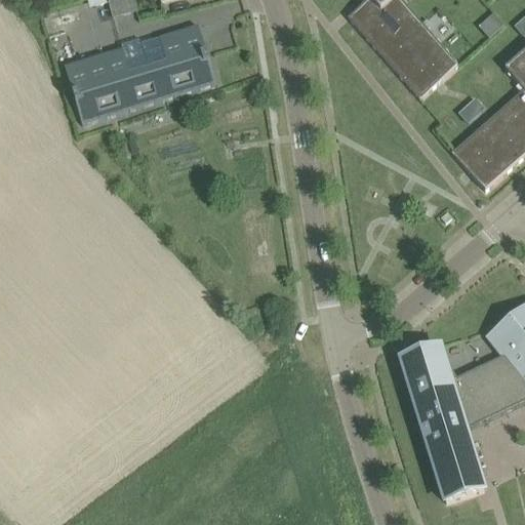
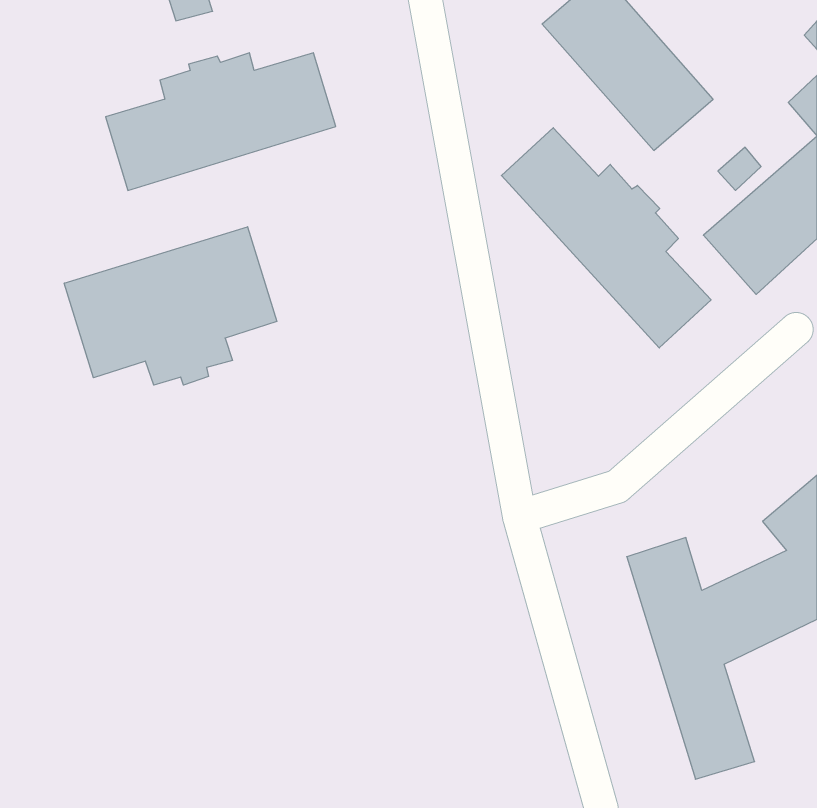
building: none -> [501,128,711,348]
building: none -> [64,227,277,385]

